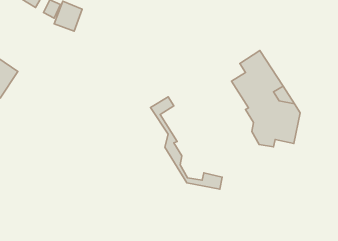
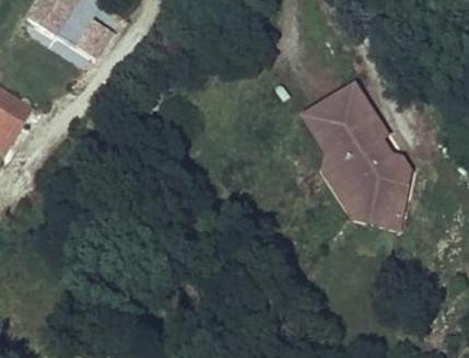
building: [150,97,222,189] -> [304,101,401,226]

